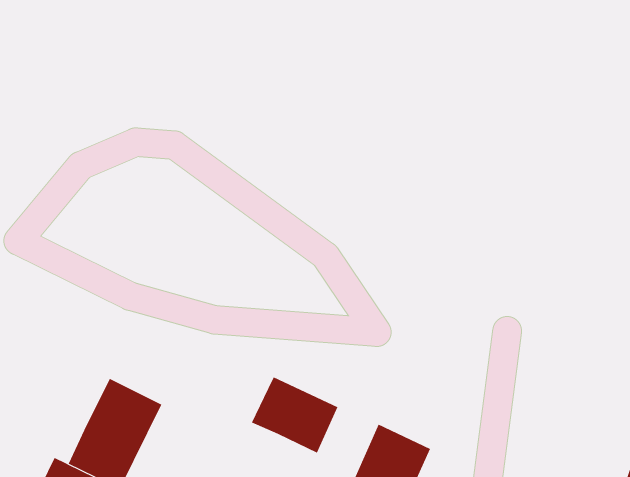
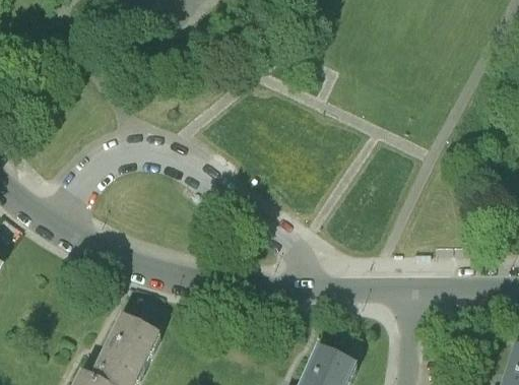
building: [251,377,338,453] -> none

